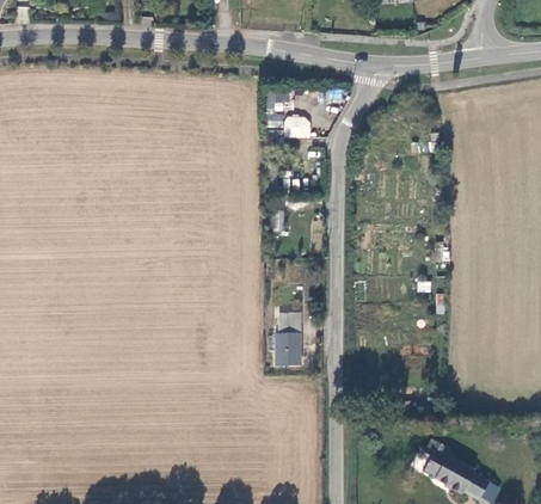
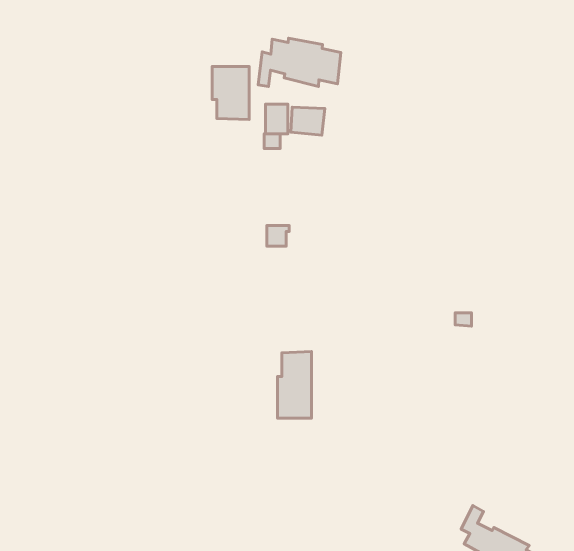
building: none -> [258,38,341,87]
building: none -> [212,66,249,120]

